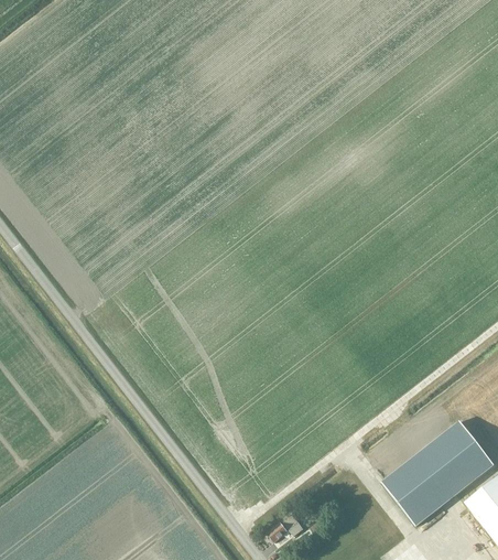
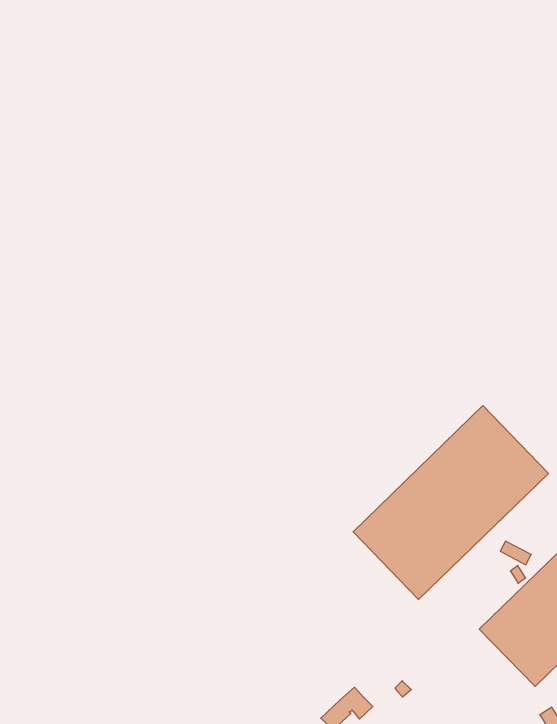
building: none -> [353,406,548,600]

